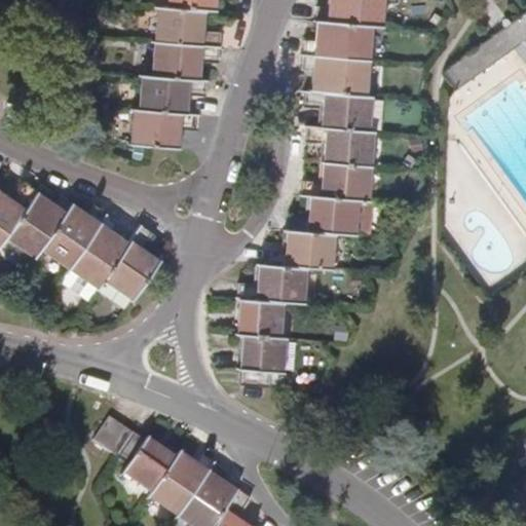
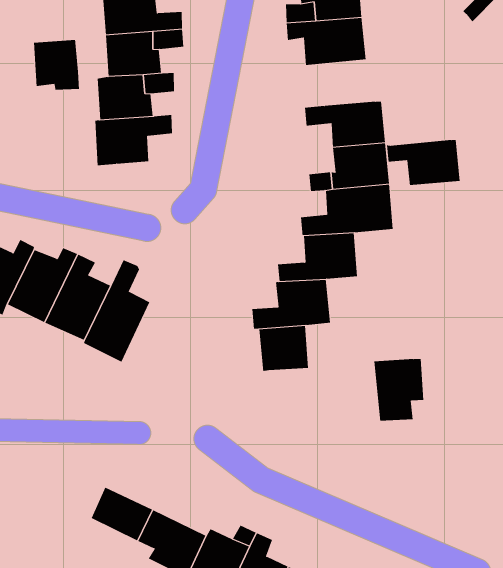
building: none -> [33,39,79,91]
building: [311,91,370,130] -> [386,140,461,186]
building: [243,335,286,387] -> [374,359,424,421]

